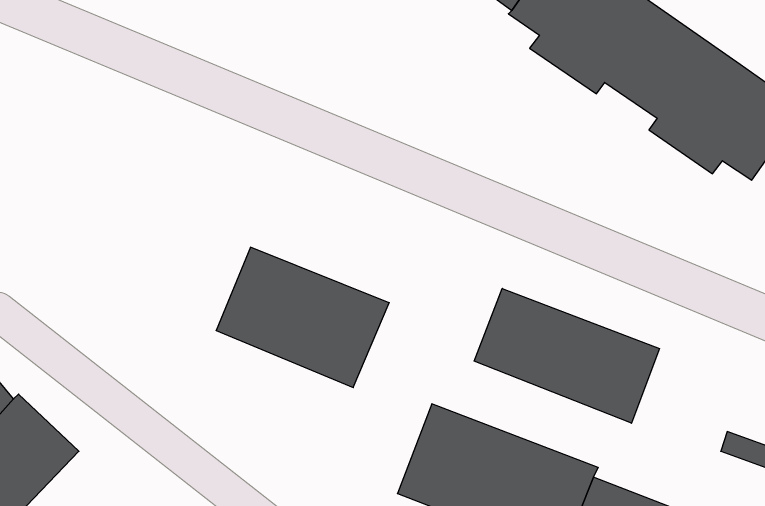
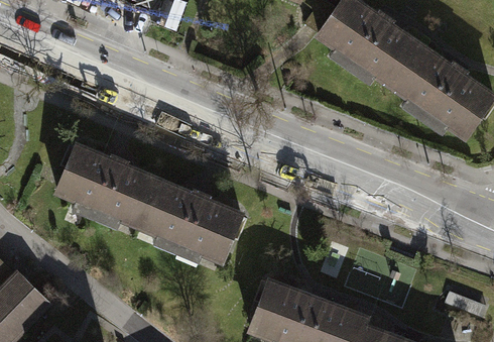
building: none -> [51,144,156,231]
building: [474,288,659,423] -> none

